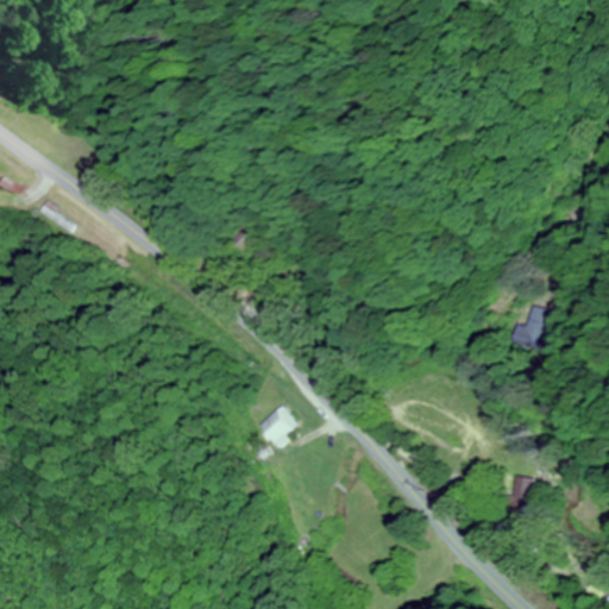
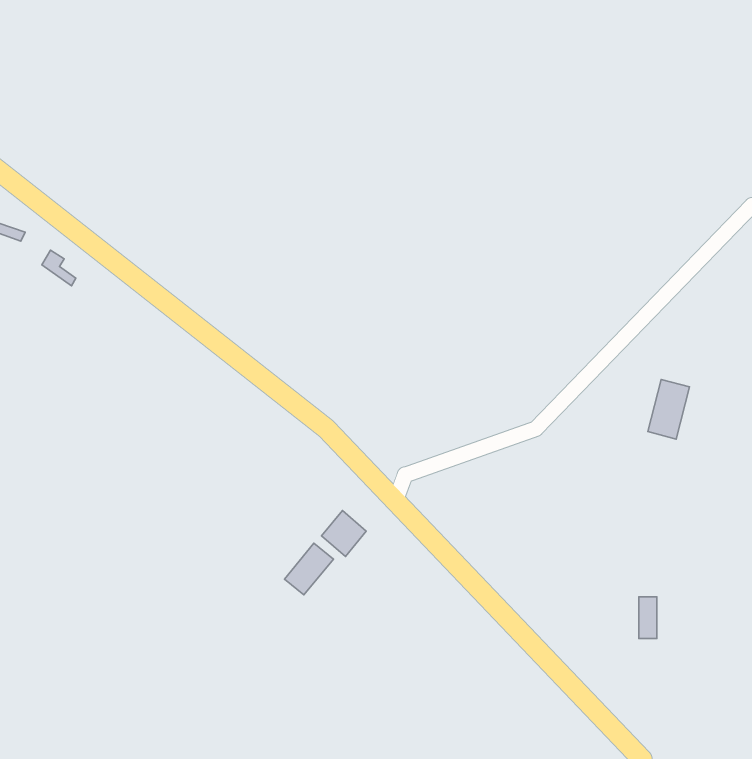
building: none -> [284,543,333,595]

